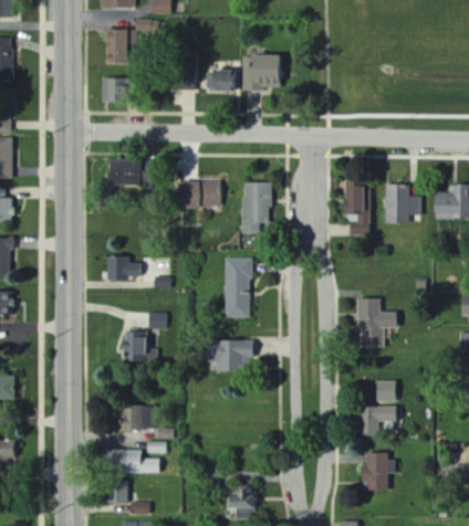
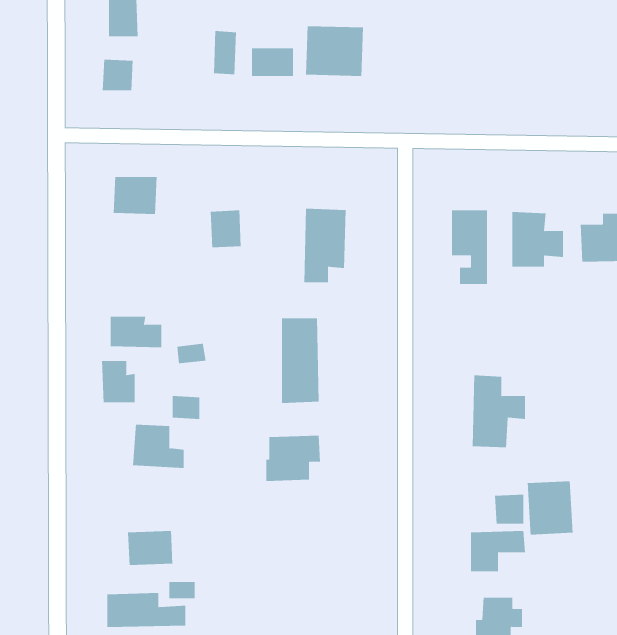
building: [199,180,221,207] -> none
building: none -> [102,360,135,403]
building: none -> [527,480,573,535]

